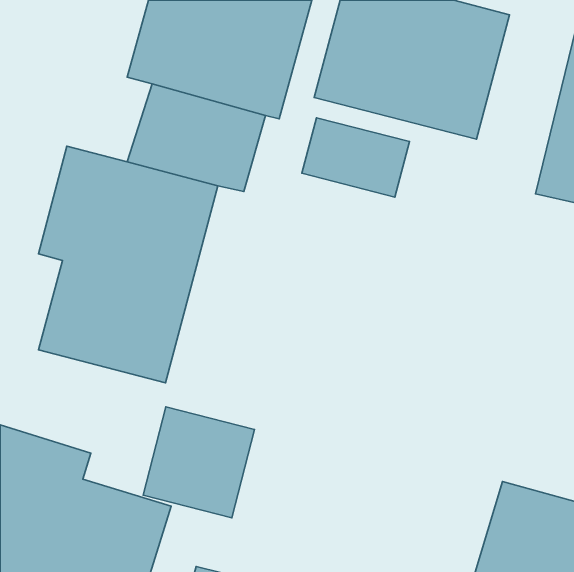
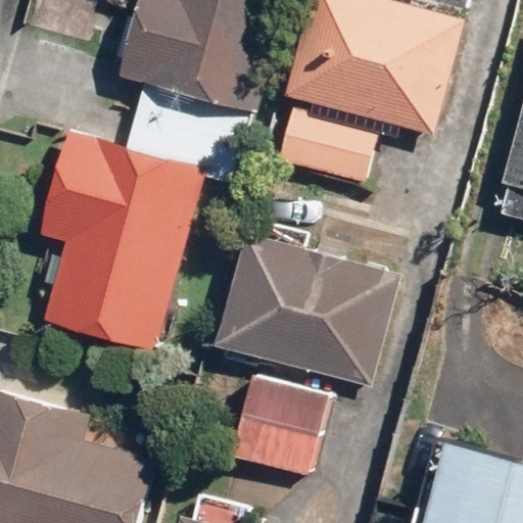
building: none -> [218,233,393,384]
building: [143,407,254,518] -> [228,374,328,474]

